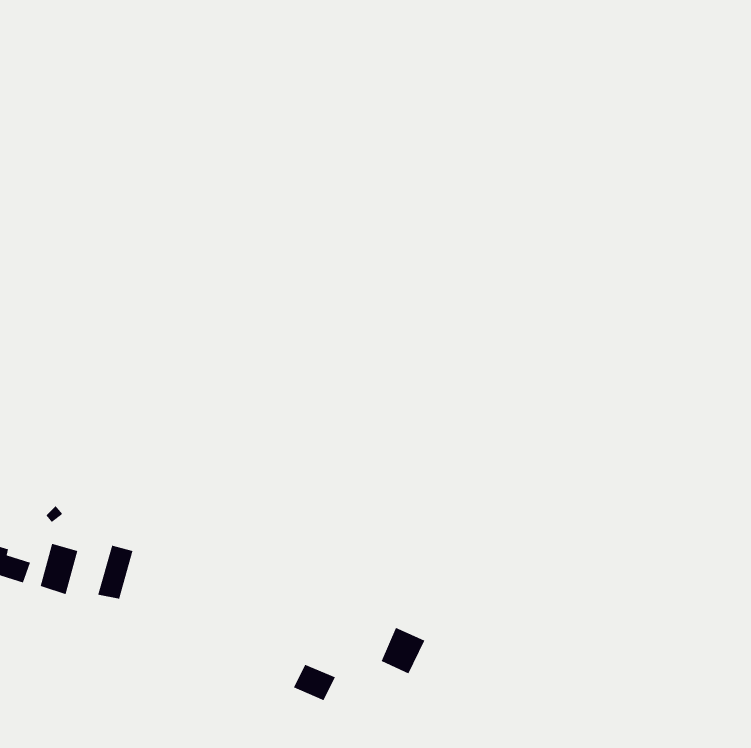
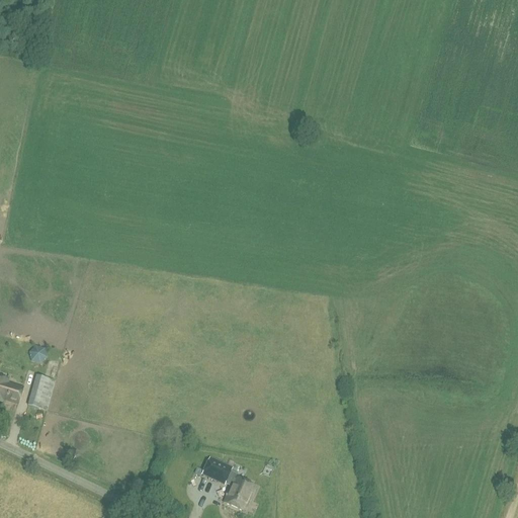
building: [98,545,133,600] -> none
building: [381,627,425,674] -> [224,477,254,509]

